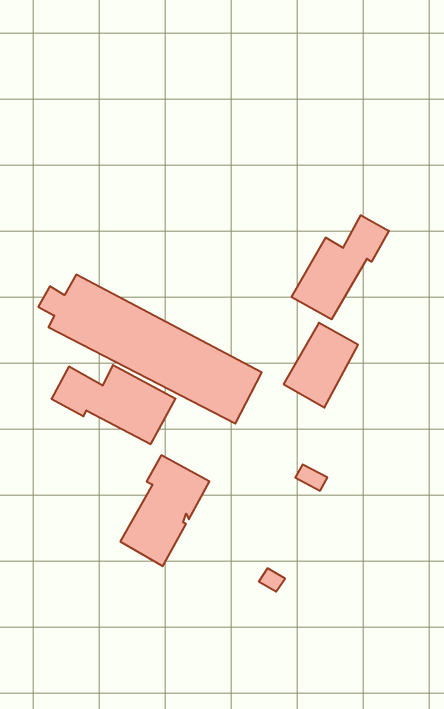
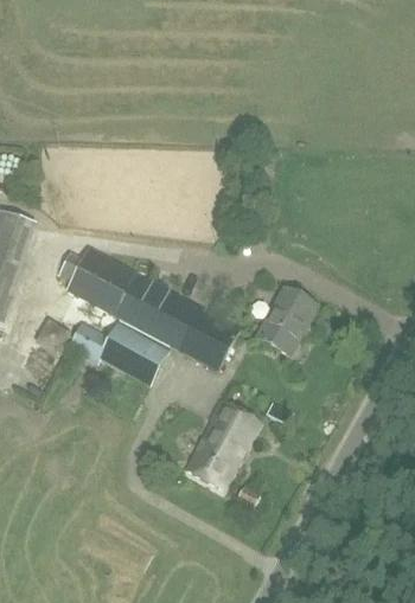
building: [292,215,389,319] -> none
building: [120,455,209,566] -> [187,398,260,488]

